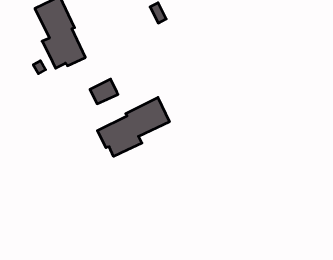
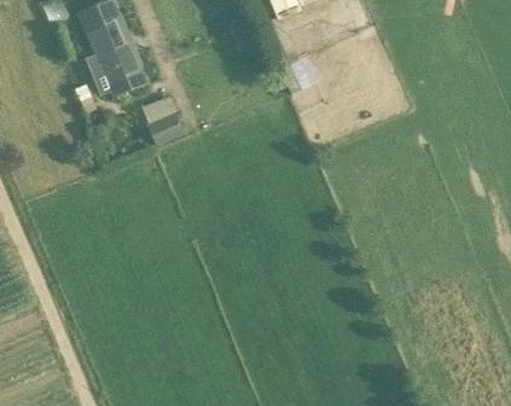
building: [97,97,169,156] -> none

